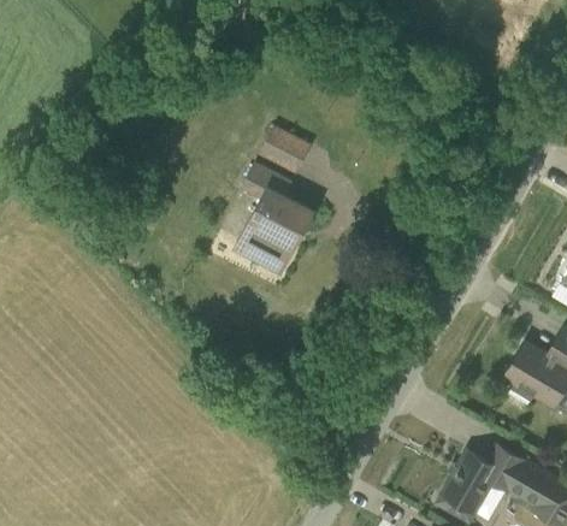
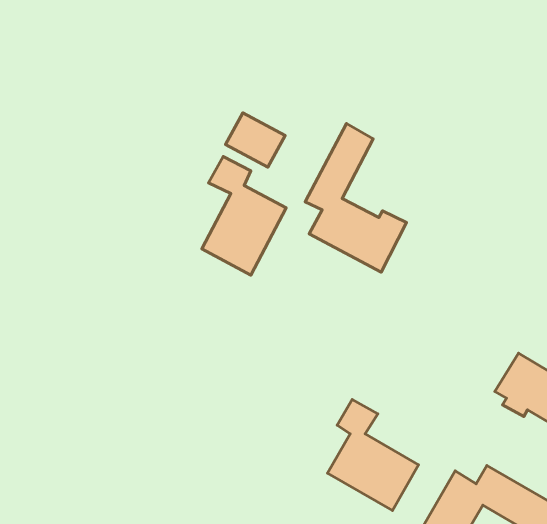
building: none -> [305,124,407,272]
building: none -> [328,400,418,511]

